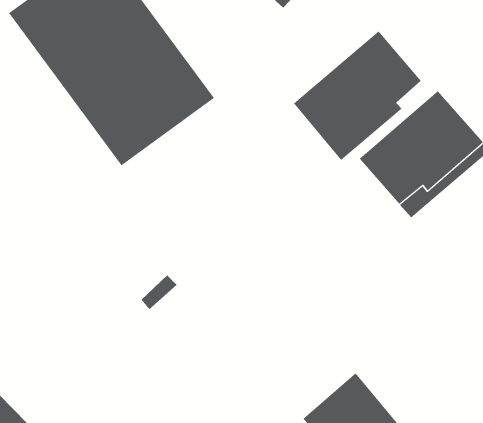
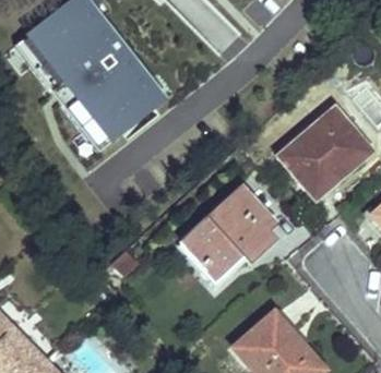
building: [293,30,421,161] -> none
building: none -> [183,183,273,273]

